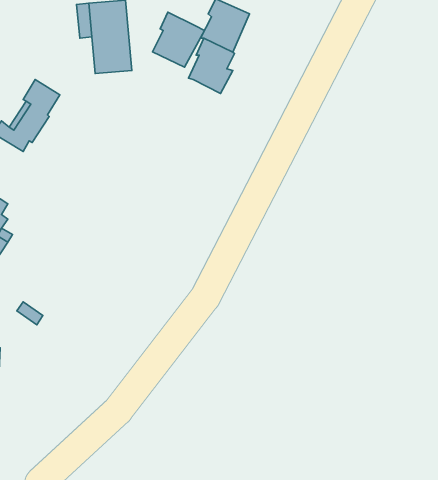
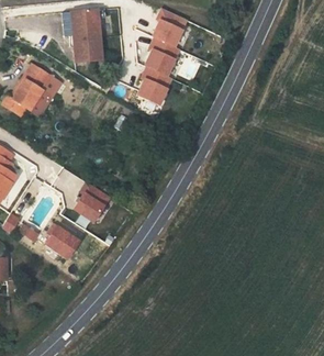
building: [152,12,205,67] -> [135,65,172,104]
building: none -> [74,181,109,221]
building: none -> [44,223,78,258]

